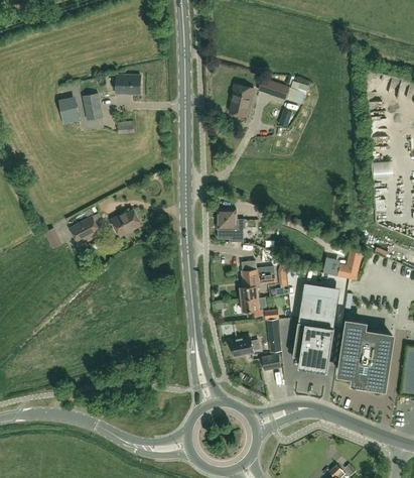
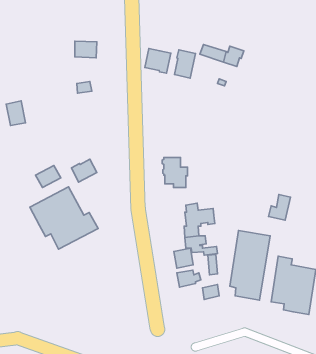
building: none -> [145,48,171,73]
building: [84,92,105,119] -> none
building: [58,96,81,124] -> [6,101,26,125]
building: none -> [30,187,98,249]
building: none -> [174,248,193,268]

